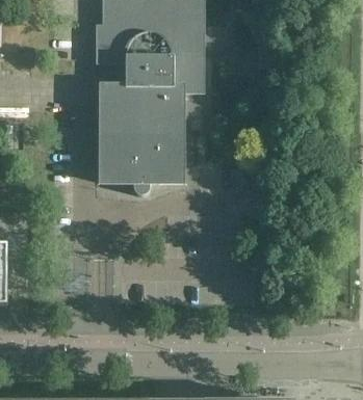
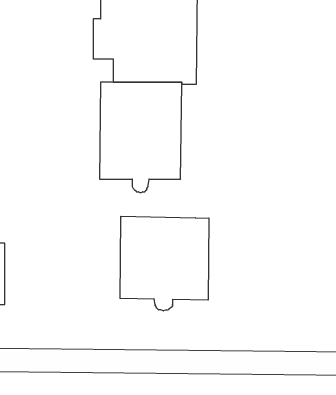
building: none -> [120,216,209,311]

